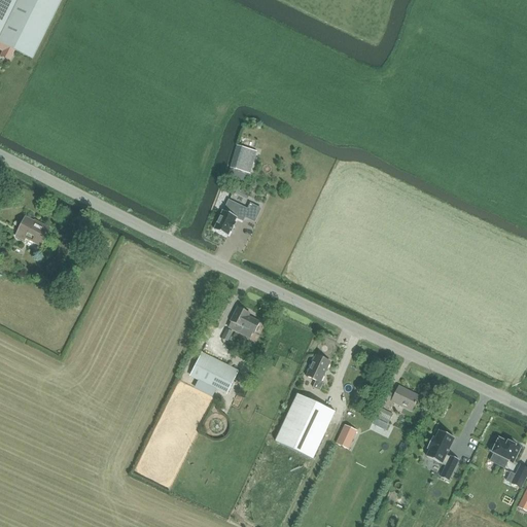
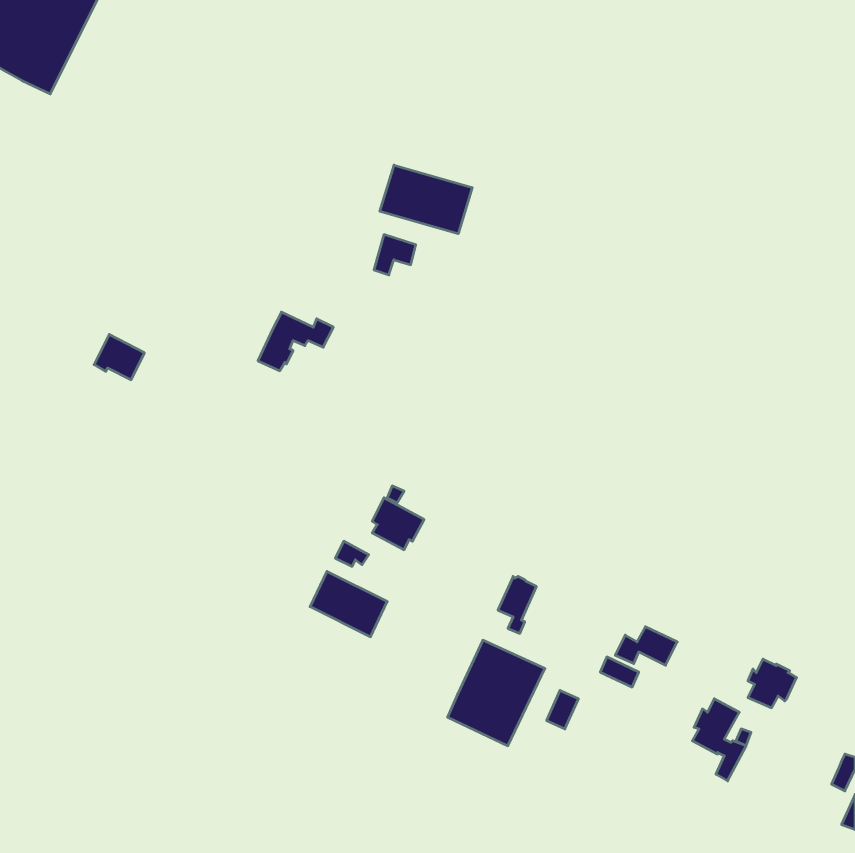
building: none -> [380,165,472,234]
building: [213,199,259,235] -> [258,312,333,371]
building: [15,215,46,243] -> [94,334,144,380]
building: [489,436,519,466] -> [748,659,797,708]

